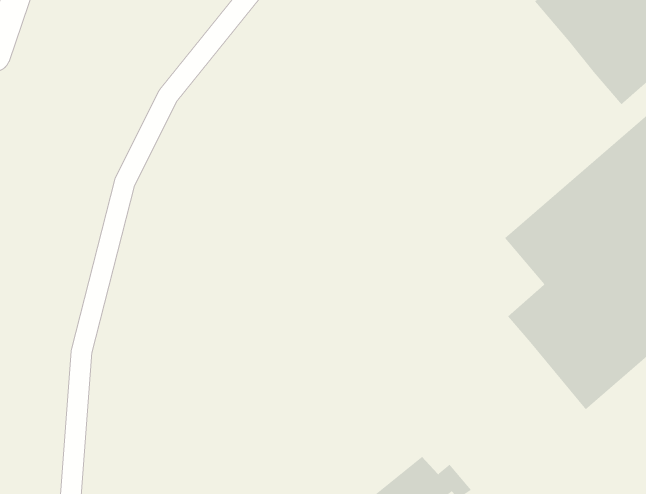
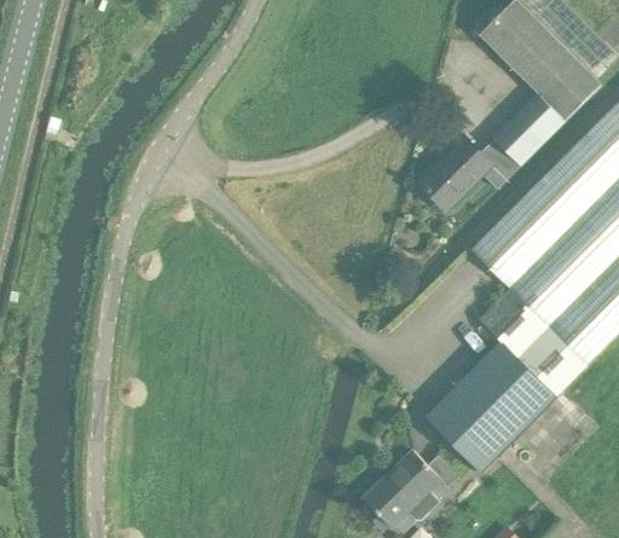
building: none -> [421,93,567,209]
building: none -> [427,341,557,473]

